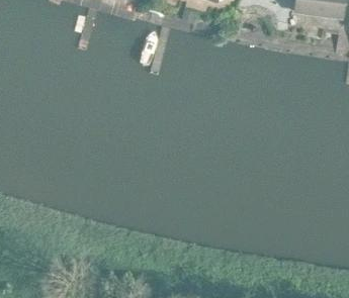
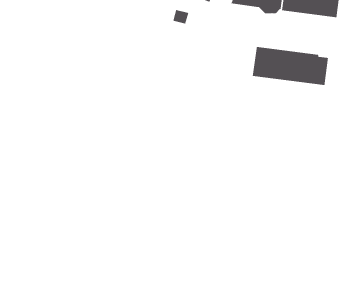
building: none -> [252,46,328,86]

